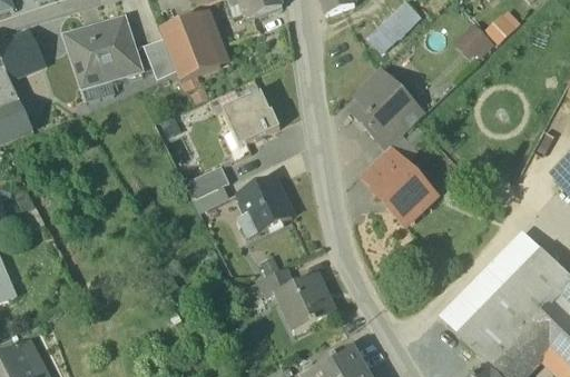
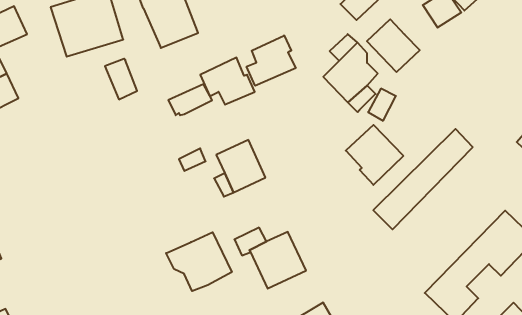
building: [142,37,176,79] -> [105,59,137,99]
building: none -> [367,19,420,72]
building: none -> [247,35,296,86]
building: [360,143,403,186] -> none
building: [184,163,229,196] -> [168,84,212,115]
building: [436,229,540,334] -> [373,129,473,229]
building: none -> [166,232,232,291]

